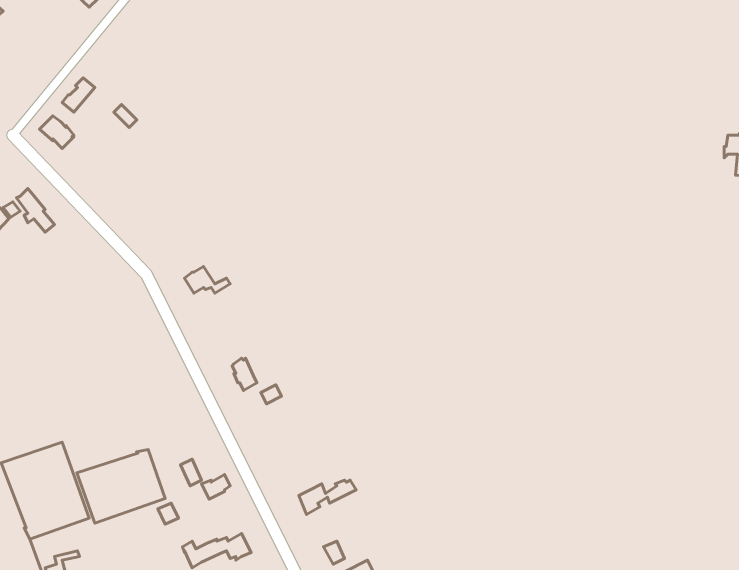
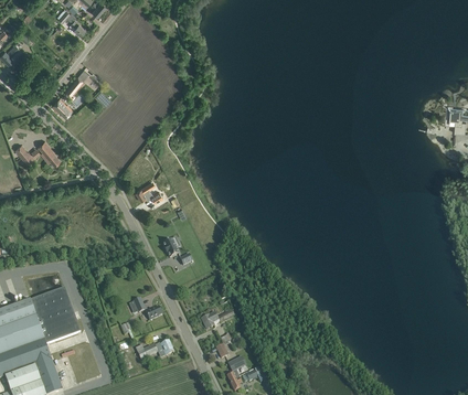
building: [77,449,165,523] -> none

